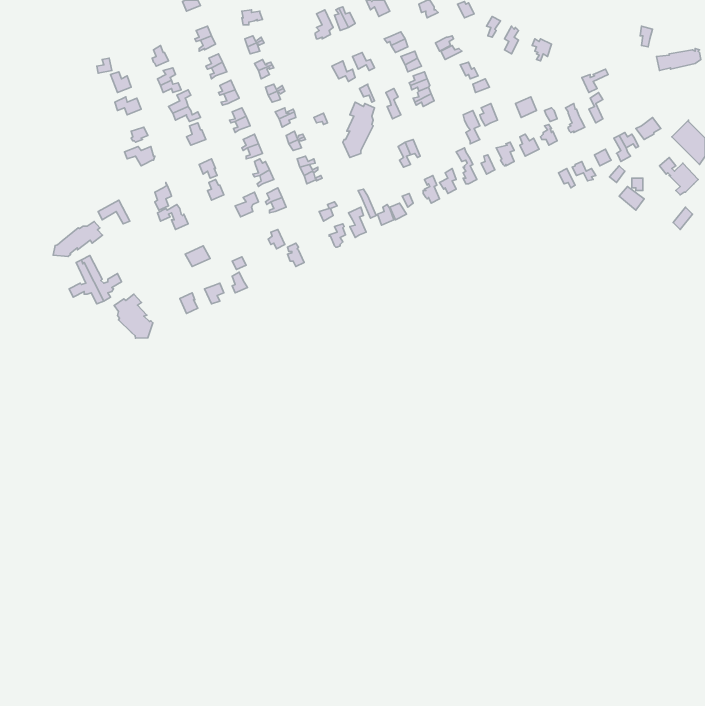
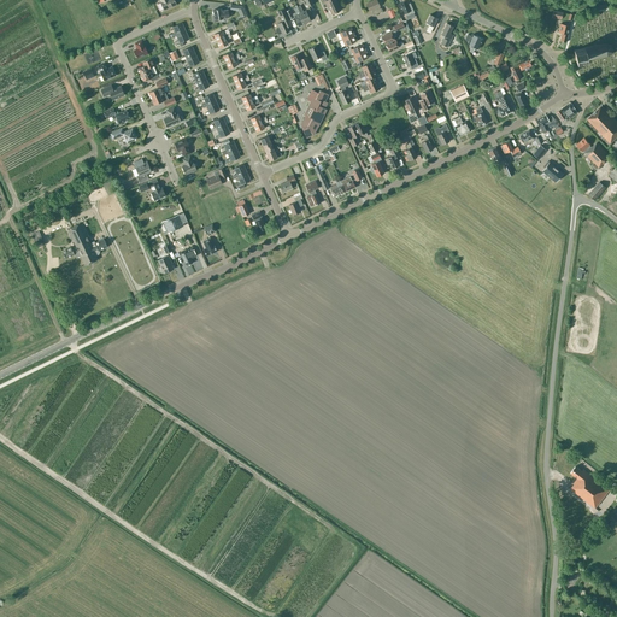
building: [53,222,103,256] -> none
building: [114,294,153,338] -> none
building: none -> [570,465,610,506]

